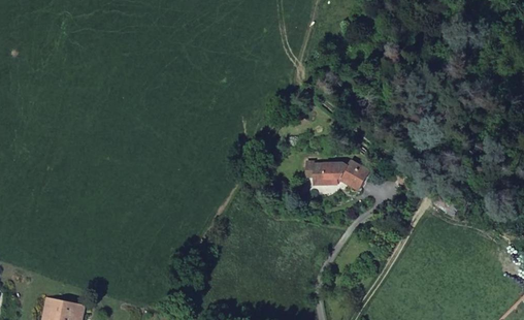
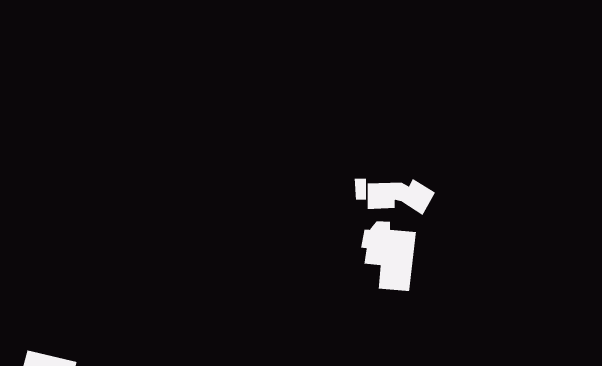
building: none -> [361,221,416,292]

